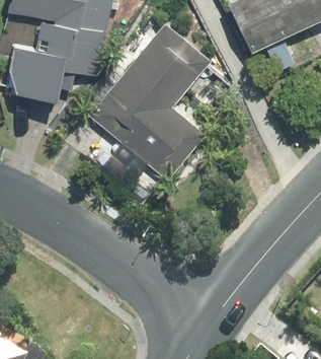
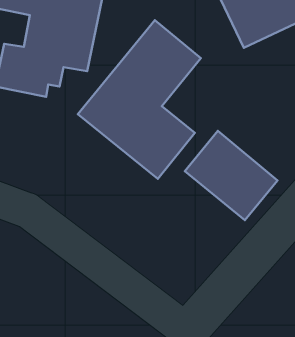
building: none -> [185,131,277,220]

